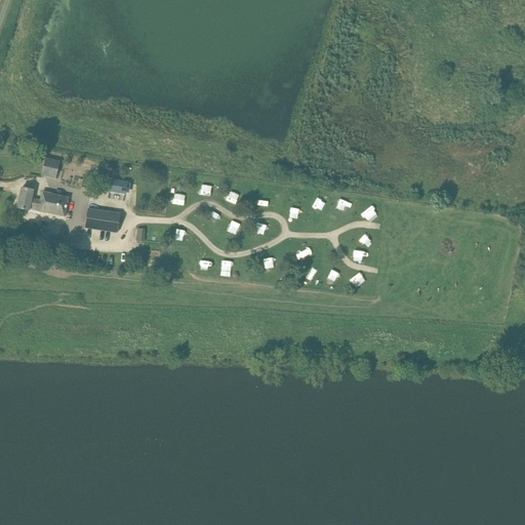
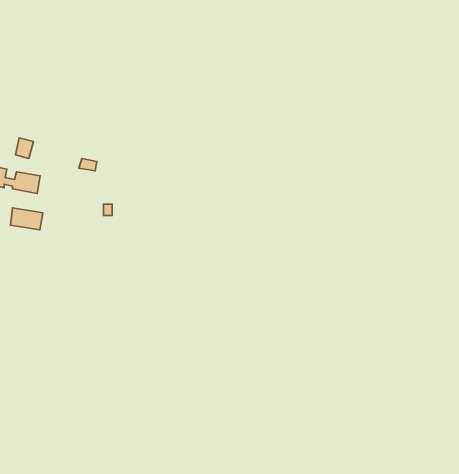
building: [85,207,120,231] -> [11,208,43,230]

